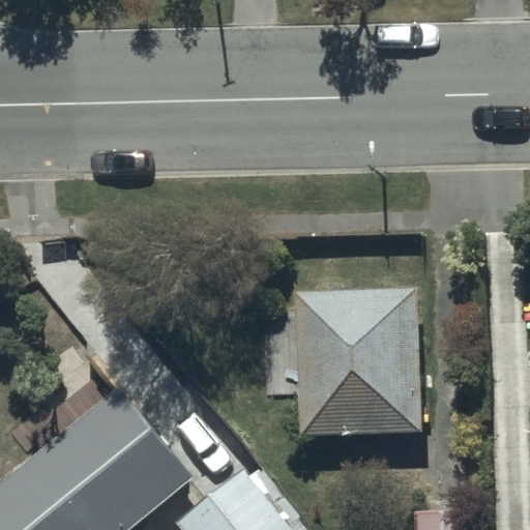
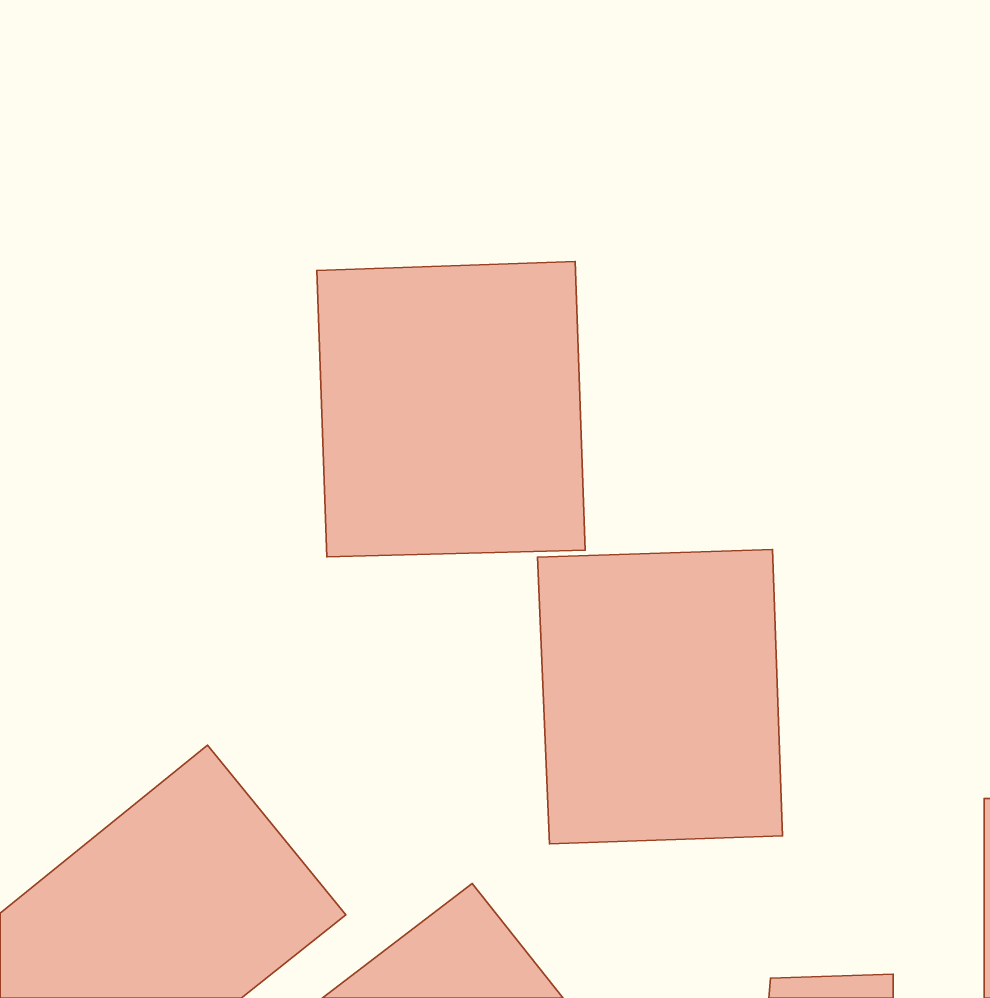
building: none -> [317,262,585,557]

